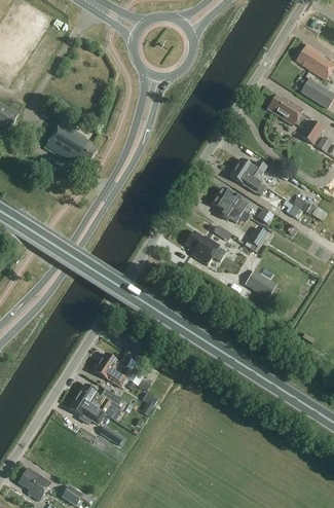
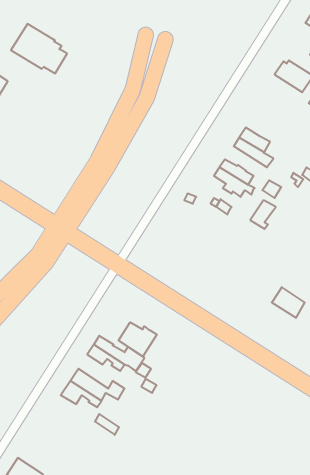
building: [45,121,98,168] -> [11,24,67,73]
building: [184,230,226,265] -> none
building: [245,270,275,299] -> [272,287,305,318]
building: none -> [119,322,157,356]

